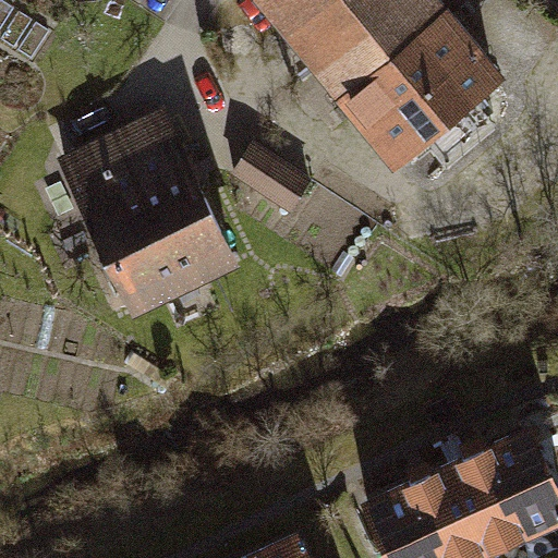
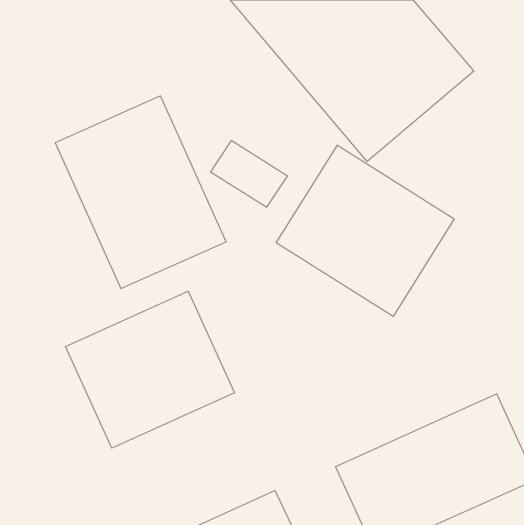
building: none -> [276,145,454,316]
building: none -> [66,291,234,448]

